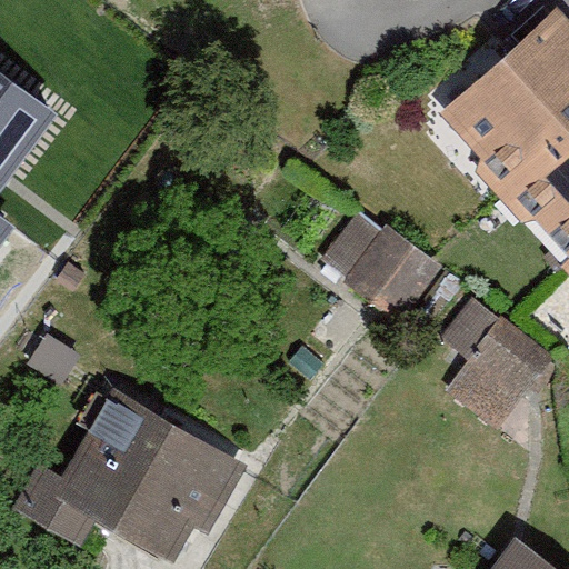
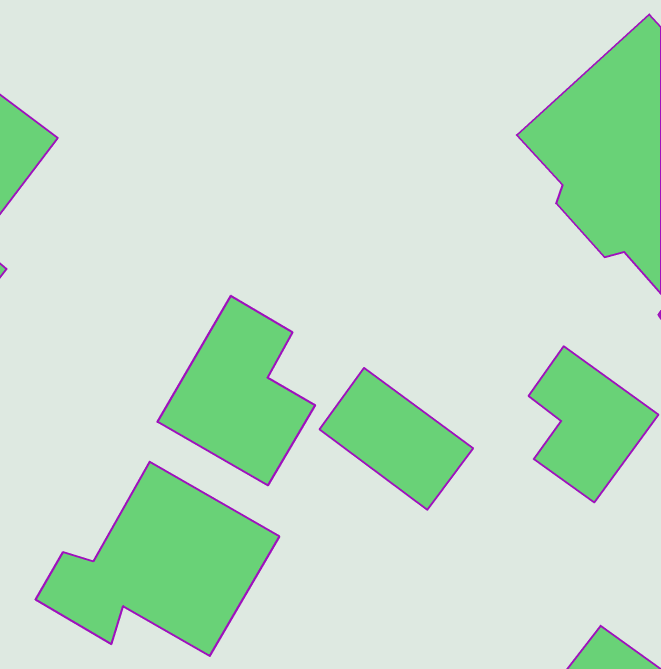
building: [323,216,453,336] -> [320,368,473,510]
building: none -> [157,296,315,485]

